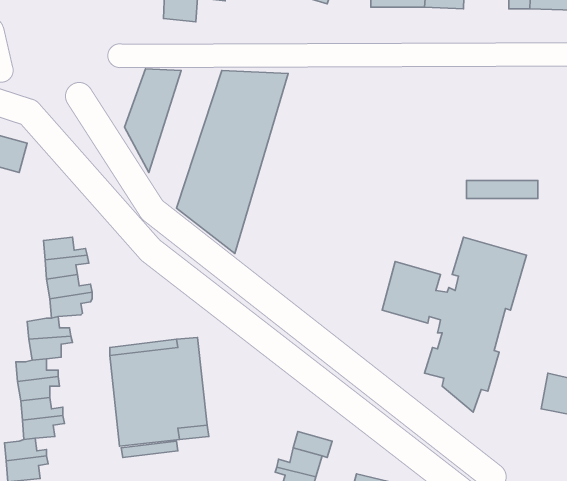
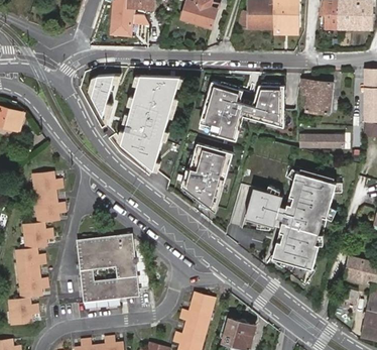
building: none -> [200,80,283,139]
building: none -> [301,80,333,113]
building: none -> [182,141,233,211]

